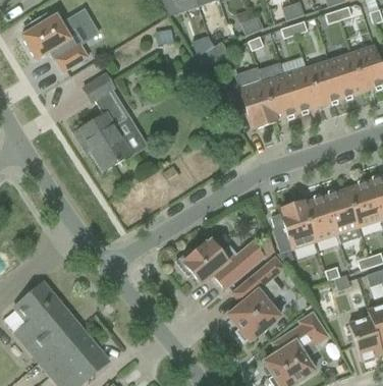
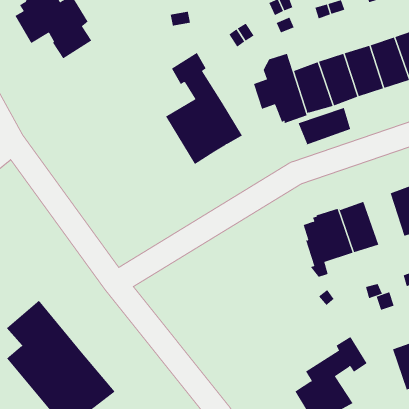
building: [78,72,146,170] -> [165,52,243,165]
building: none -> [298,107,351,146]
building: [324,188,359,233] -> none
building: [175,239,264,288] -> none
building: [227,257,284,342] -> none

